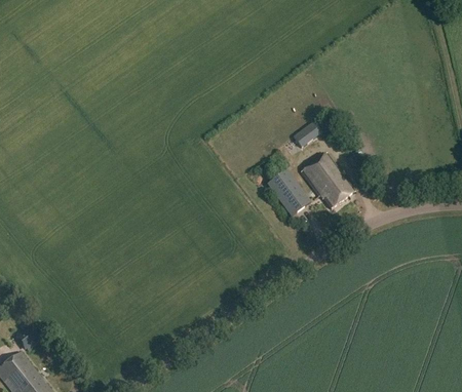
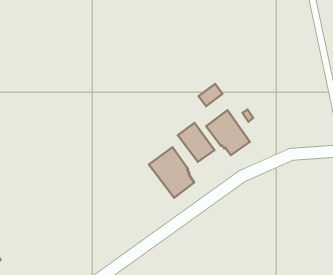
building: none -> [149,147,194,198]

